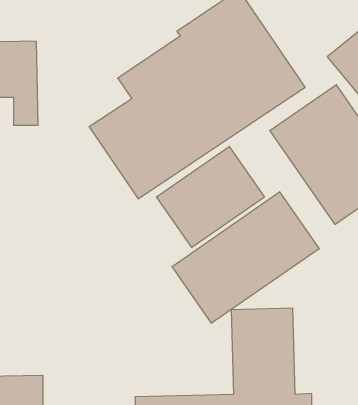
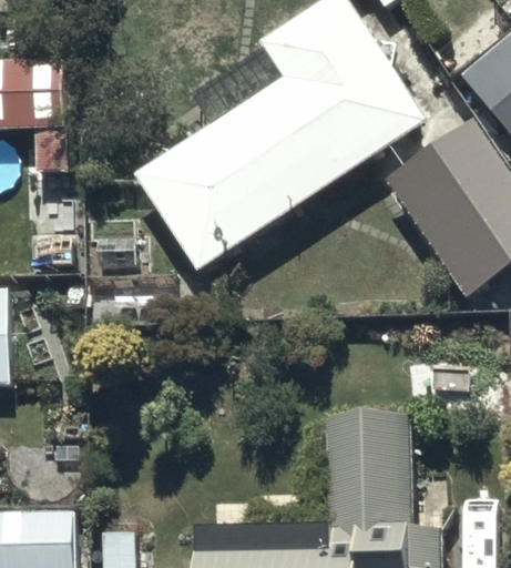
building: [157,146,264,248] -> none
building: [172,192,319,323] -> none

